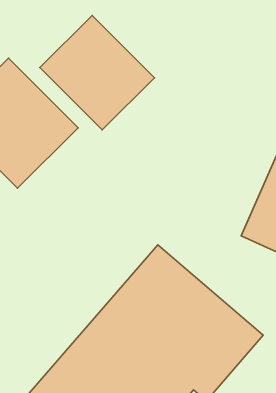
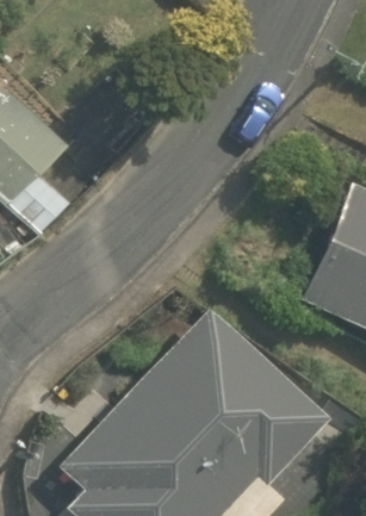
building: [40,15,154,130] -> none

